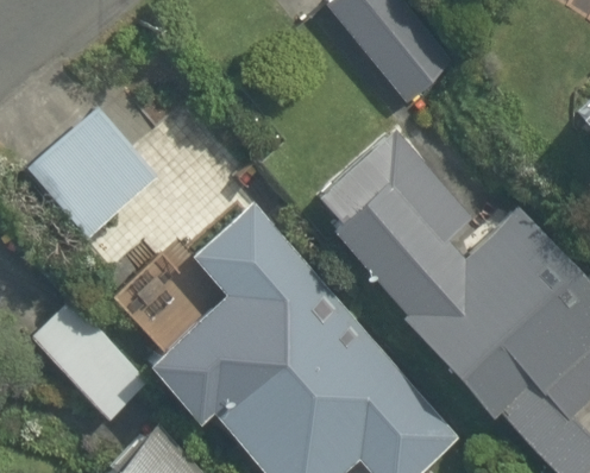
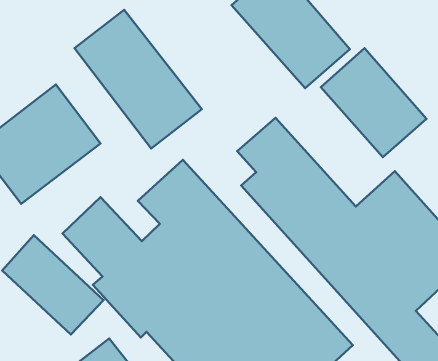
building: none -> [75,10,202,148]
building: none -> [321,48,426,157]

